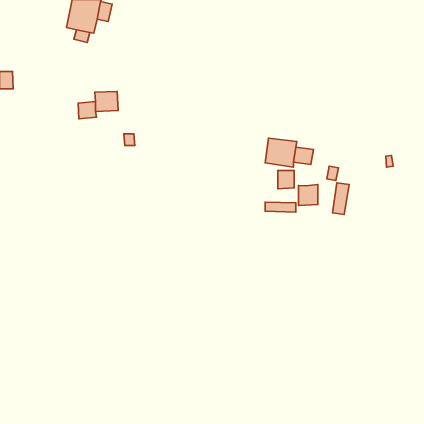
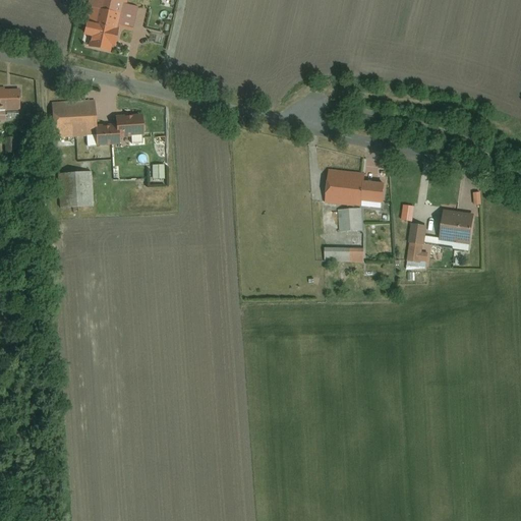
building: none -> [51,100,94,135]
building: none -> [58,173,92,204]
building: none -> [438,209,472,240]
building: [299,185,318,205] -> none

